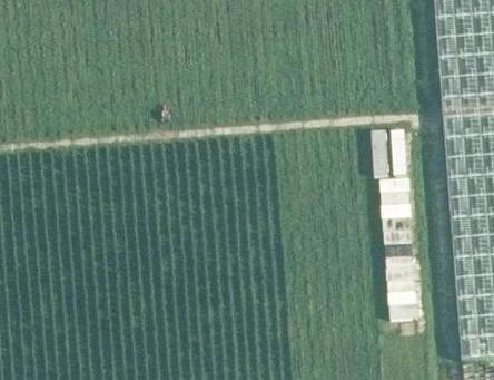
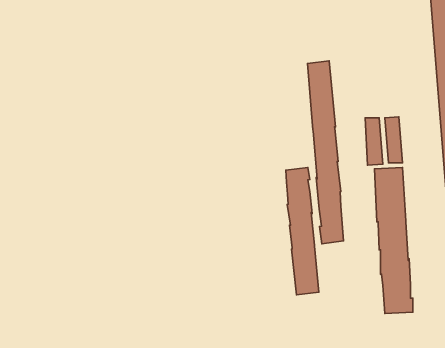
building: none -> [307,61,343,244]
building: none -> [286,168,319,295]

